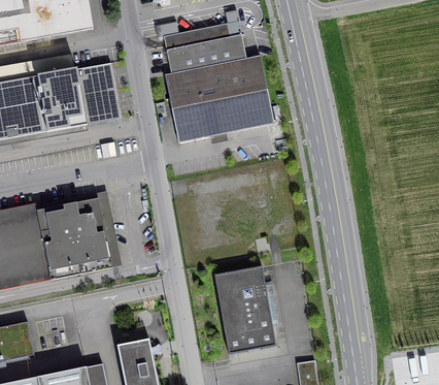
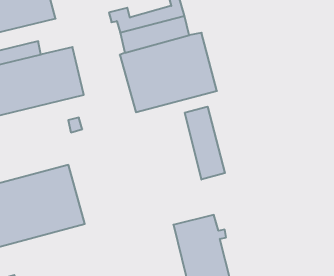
building: none -> [185,107,225,180]

